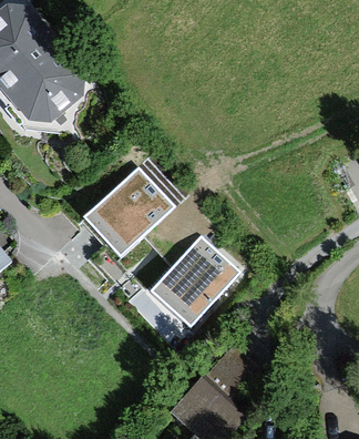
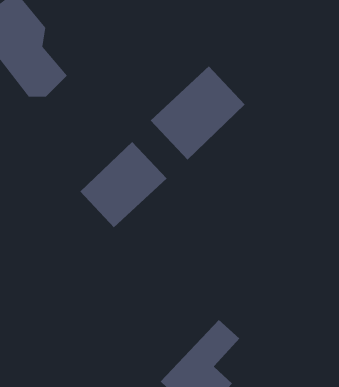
building: none -> [150,66,246,161]
building: [152,234,244,328] -> none

